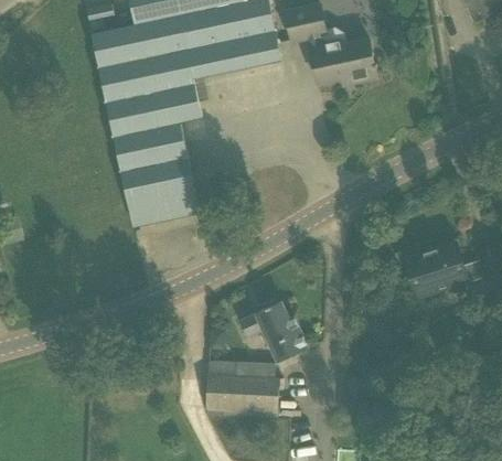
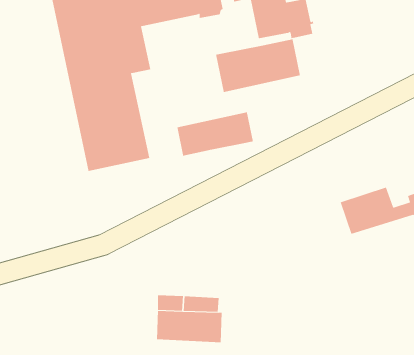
building: none -> [216,38,301,93]
building: none -> [177,111,253,156]
building: [238,300,307,361] -> none

